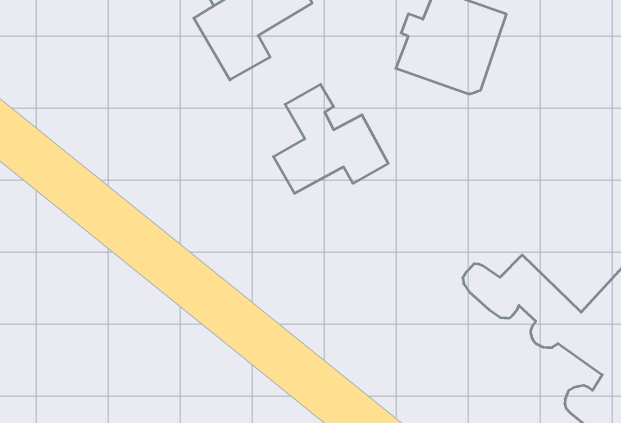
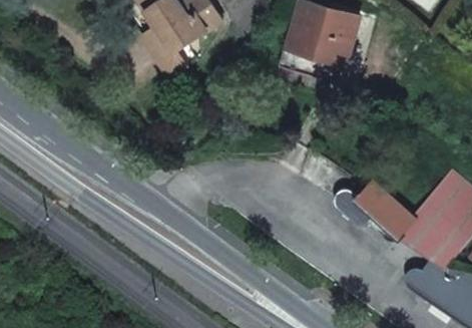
building: [273,84,388,193] -> none

